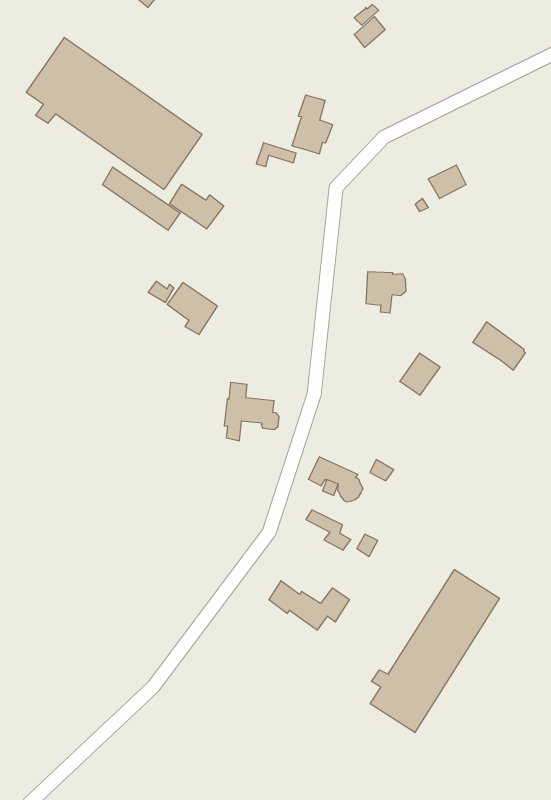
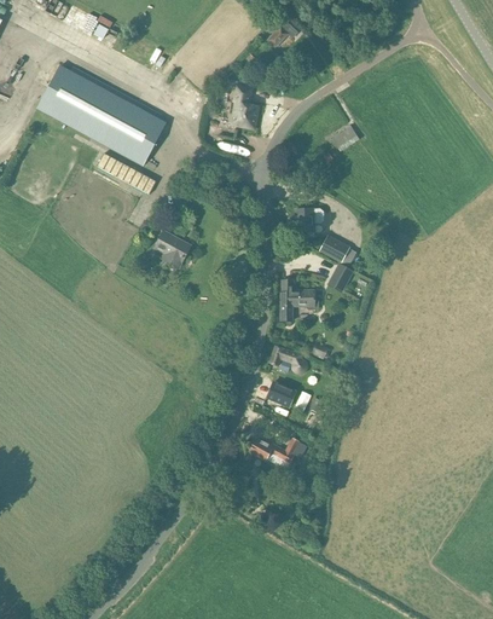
building: [169,184,224,229] -> none
building: [473,322,525,370] -> [319,236,358,268]
building: [224,383,279,441] -> [280,280,319,322]
building: [370,569,499,733] -> none

